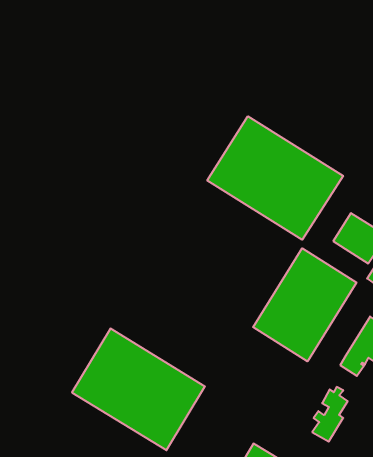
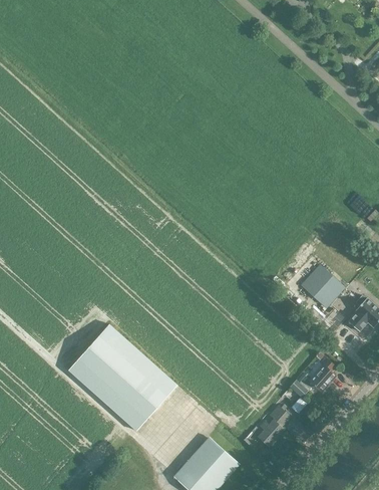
building: [207,116,343,240] -> none
building: [253,248,356,361] -> none

